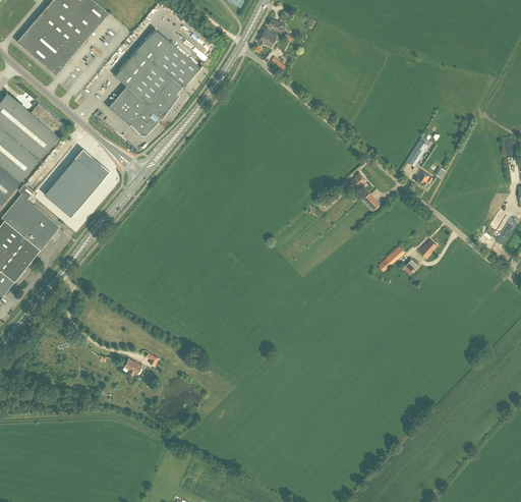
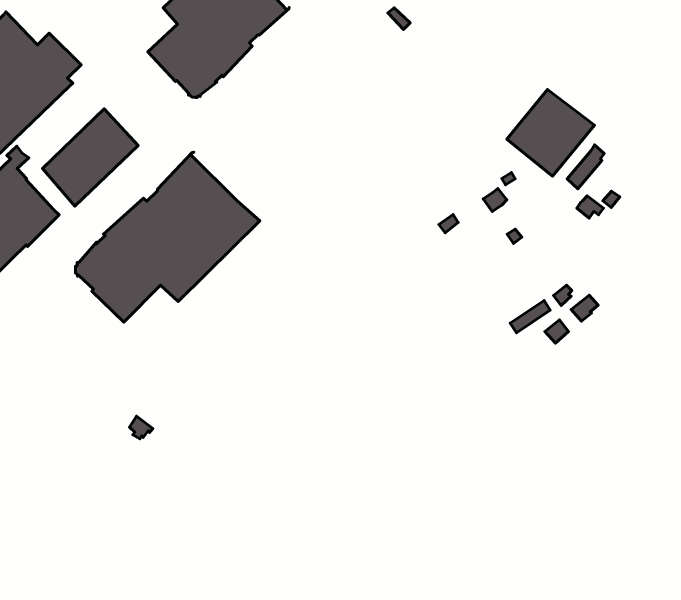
building: none -> [507,89,594,176]
building: none -> [76,152,260,322]

